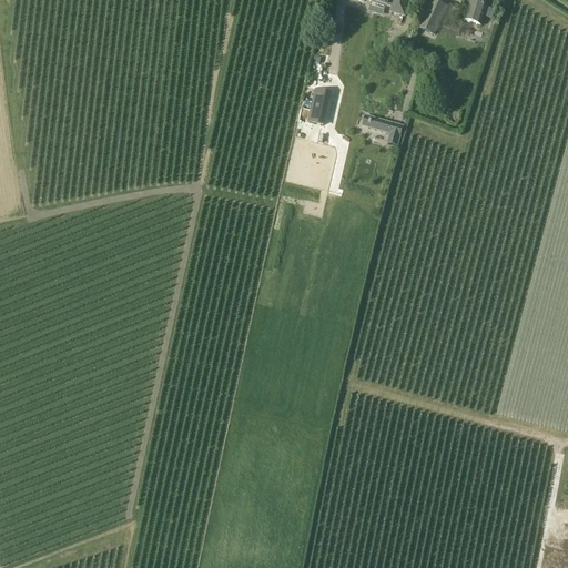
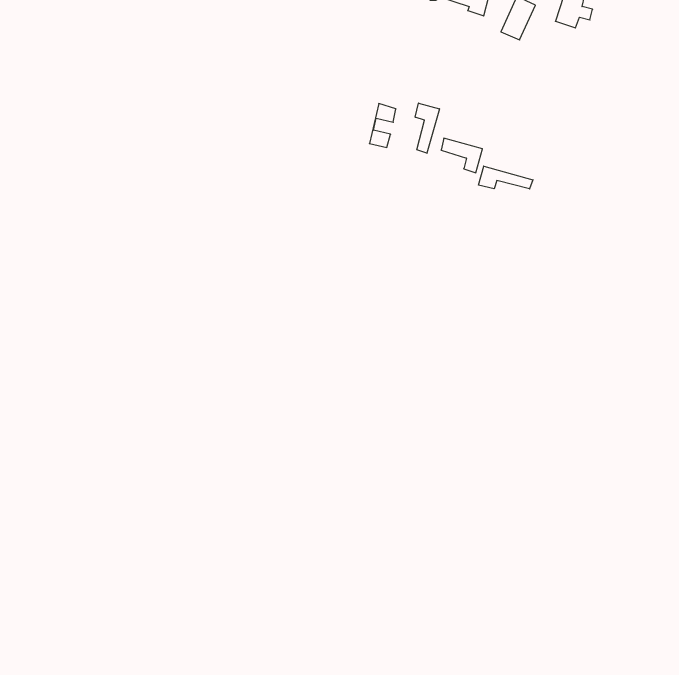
building: none -> [415,103,439,153]
building: none -> [479,166,533,189]

